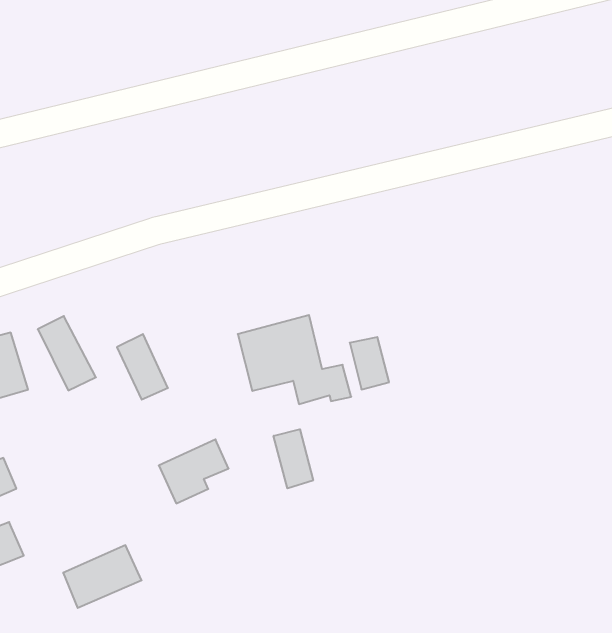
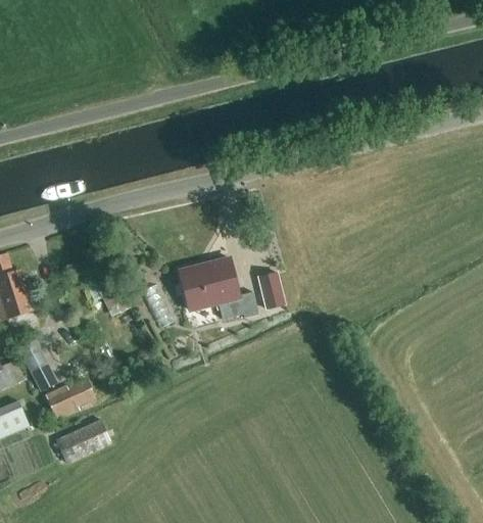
building: [38,316,96,390] -> [17,337,58,389]
building: [274,429,313,488] -> none
building: [159,439,229,503] -> [45,374,94,419]

